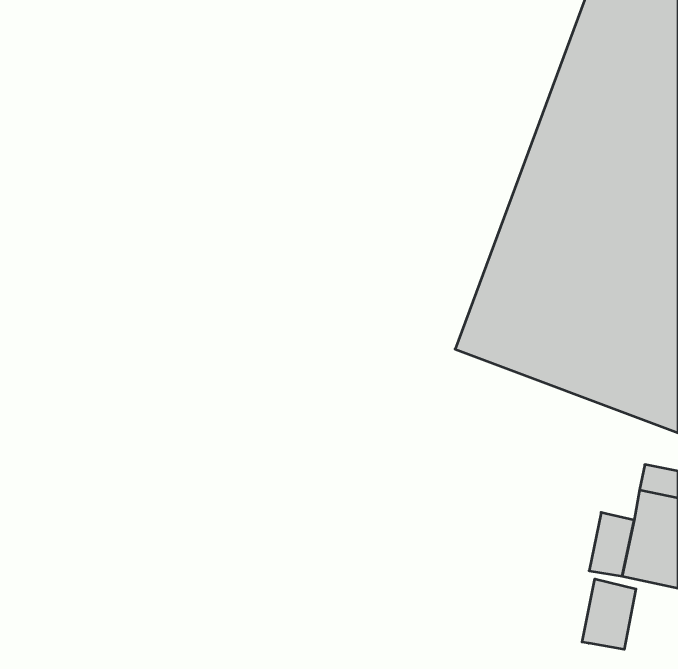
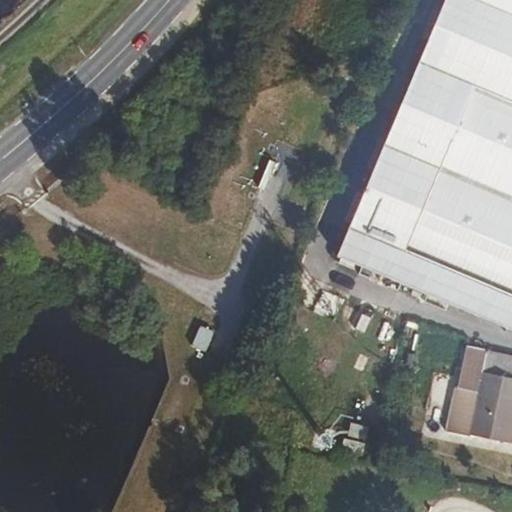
building: none -> [457,345,486,392]
building: [582,579,636,649] -> none

